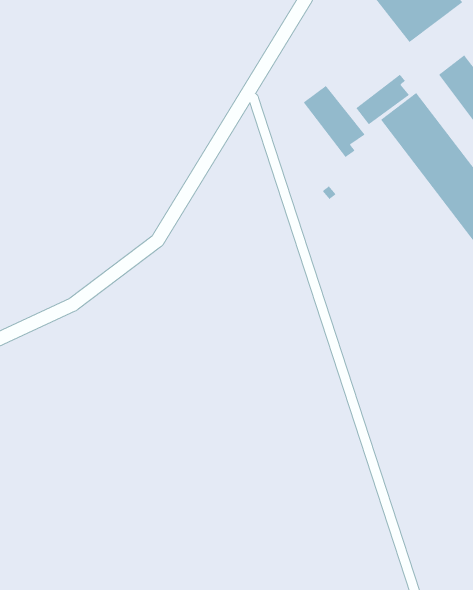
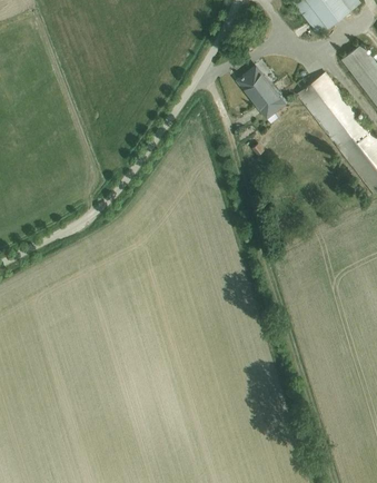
building: [355,74,410,125] -> none

